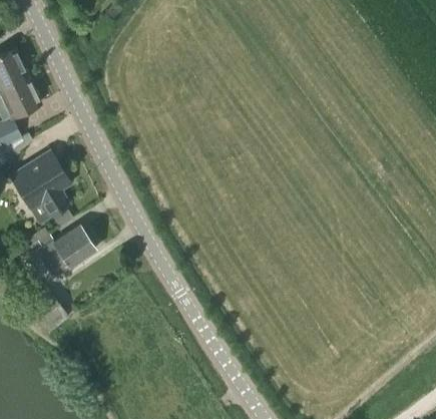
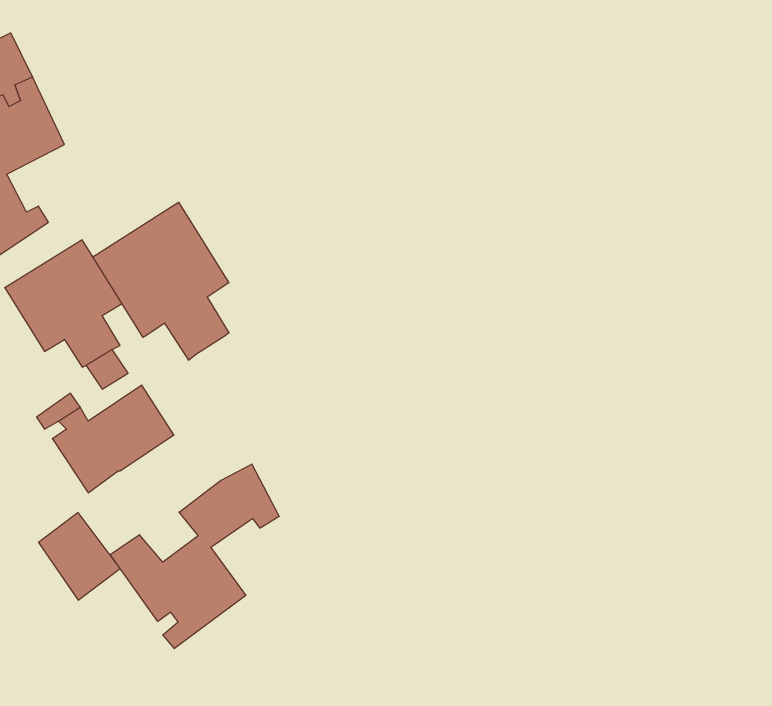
building: none -> [93,202,229,360]
building: none -> [110,464,279,649]

